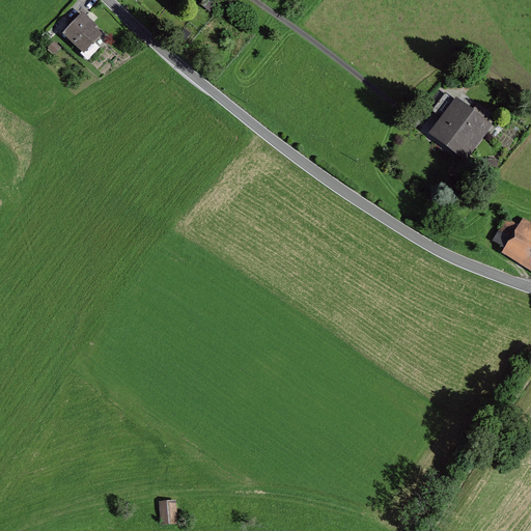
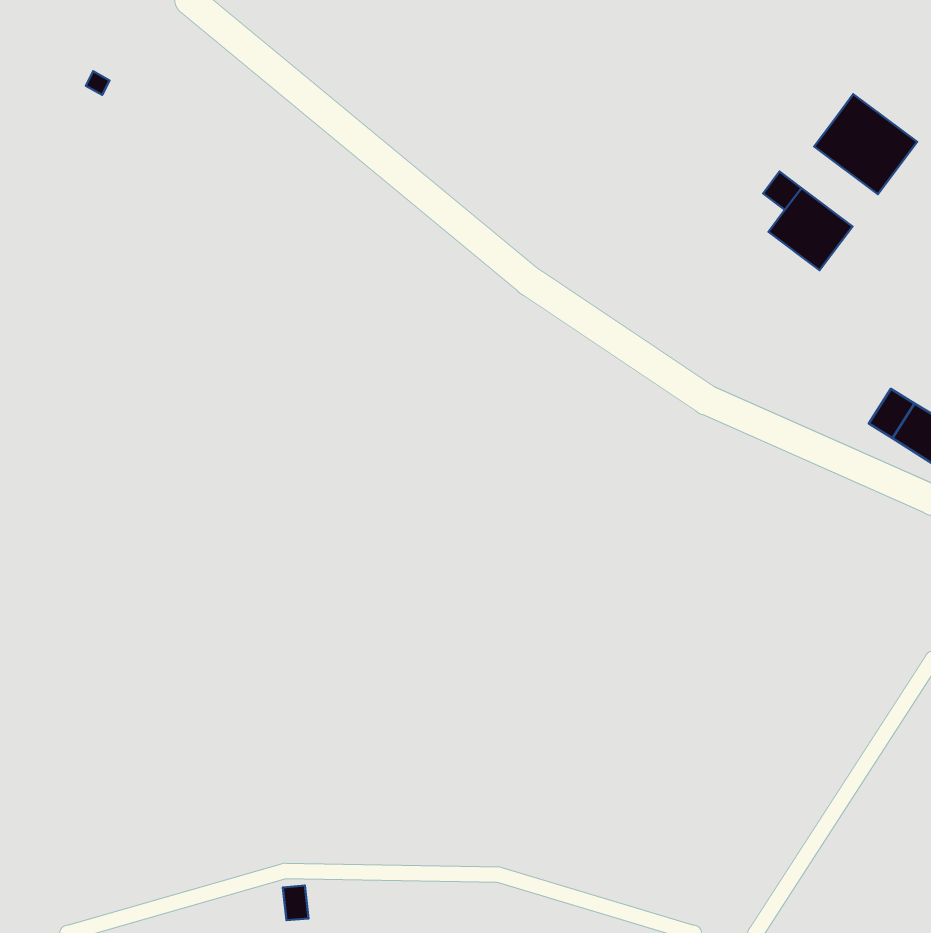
building: [67,17,99,51] -> none
building: none -> [814,94,917,194]

